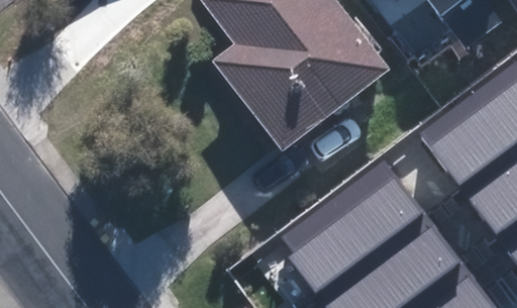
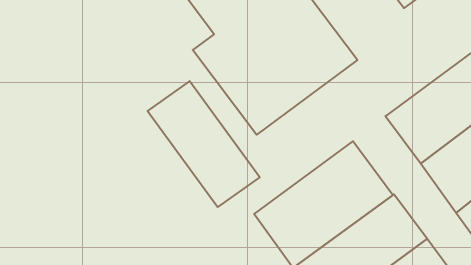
building: none -> [148,81,260,207]

